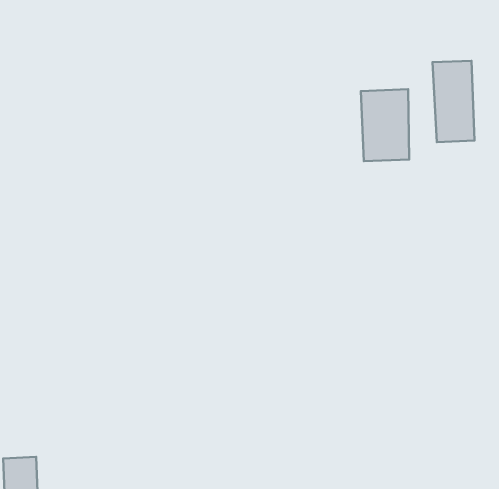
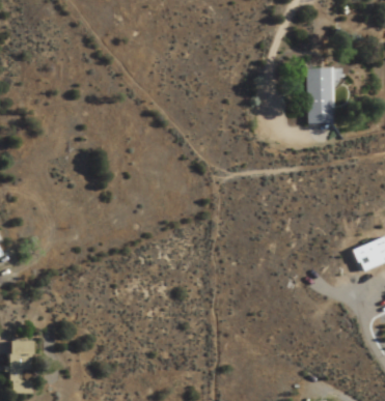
building: [361,89,409,161] -> none

